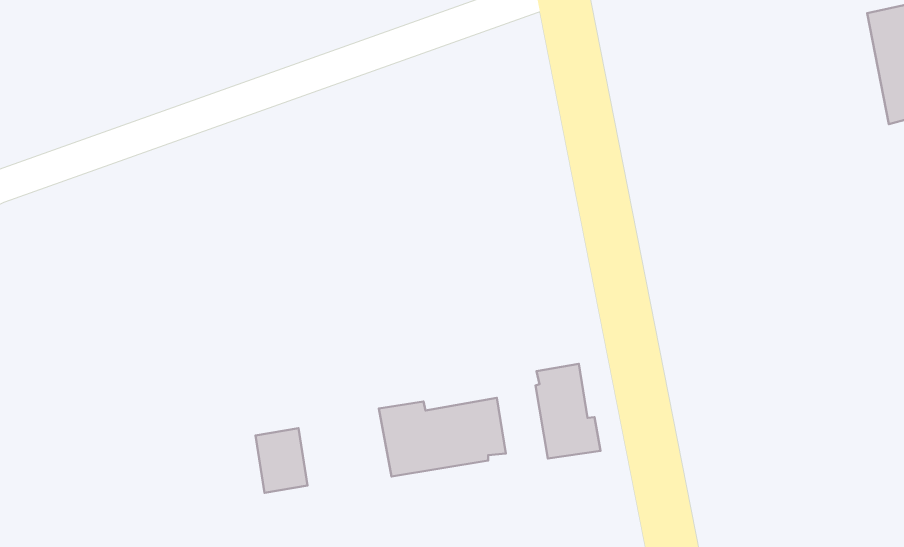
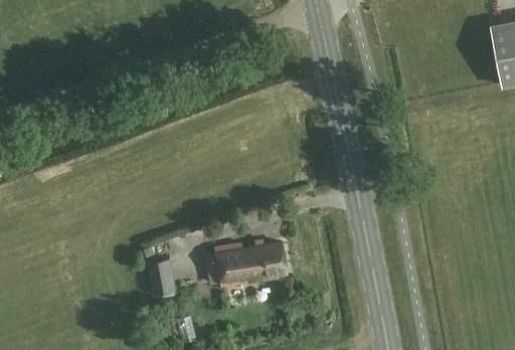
building: [536,364,600,459] -> none

